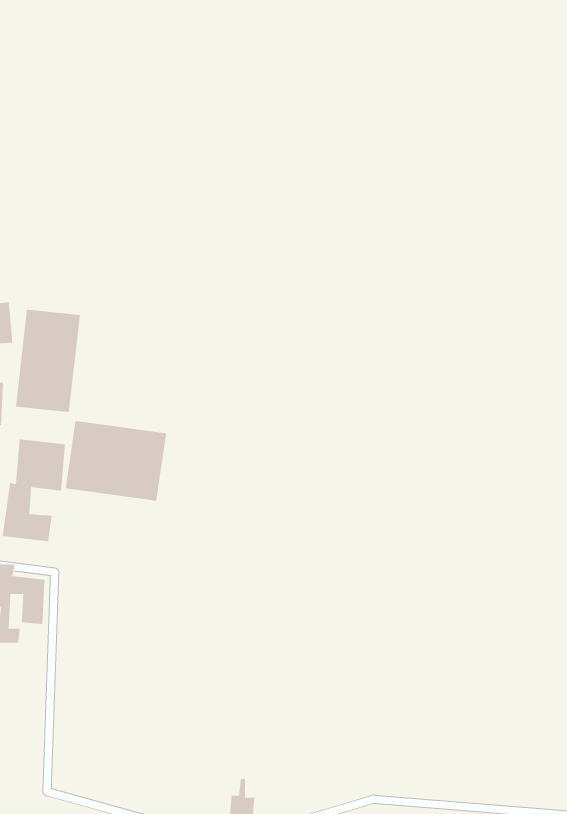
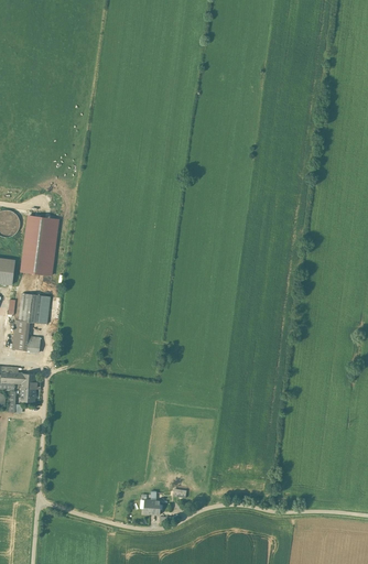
building: [65,420,167,501] -> none

